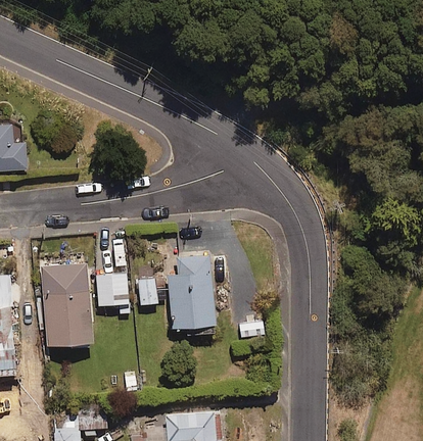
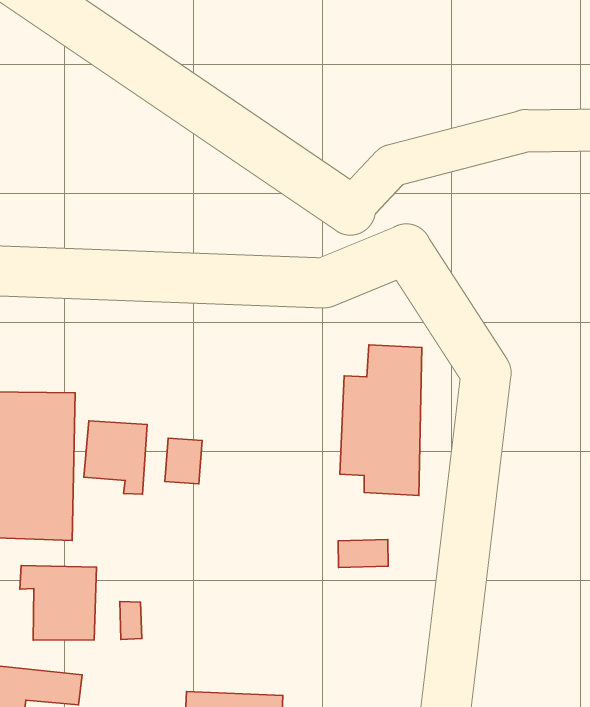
building: [168,255,216,337] -> [340,345,422,495]
building: none -> [20,566,96,640]

